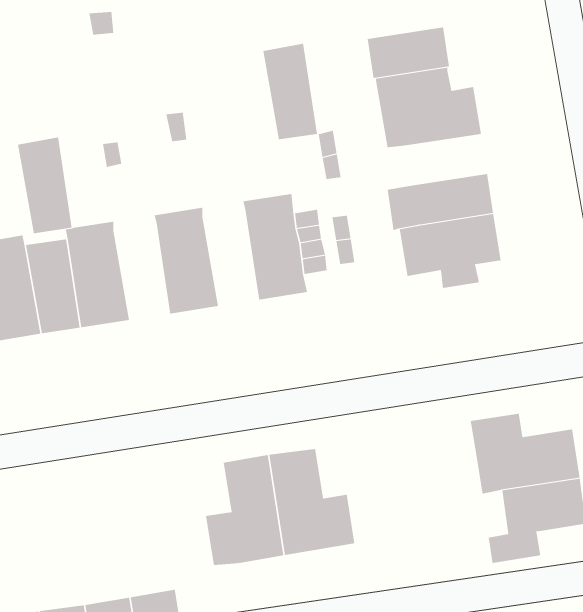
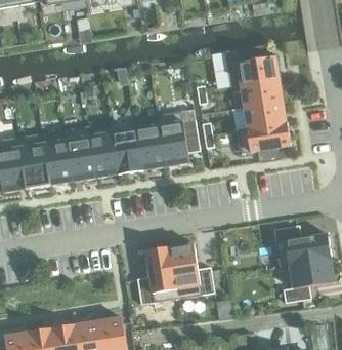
building: [367,27,450,78] -> [241,80,284,107]
building: [262,43,318,140] -> [136,119,165,169]
building: [17,137,73,234] -> [90,126,119,177]

